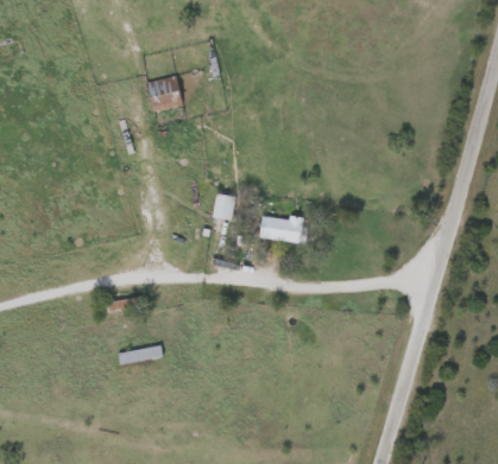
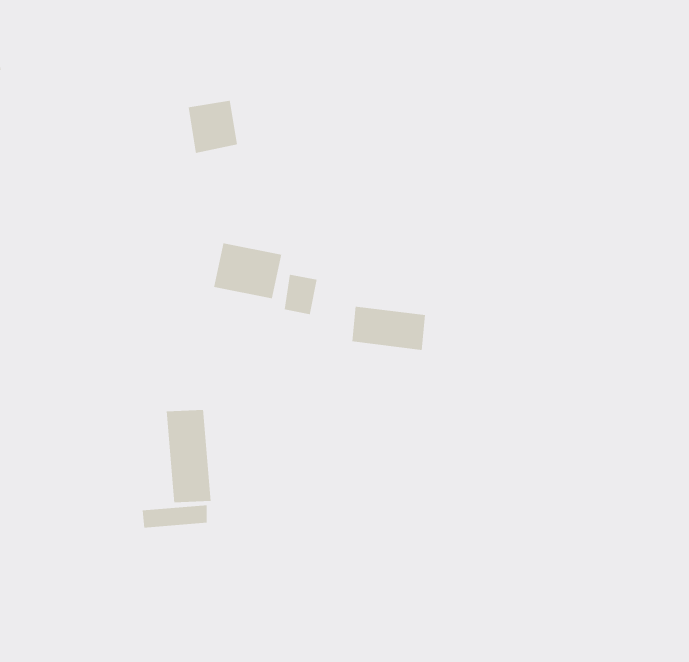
building: none -> [213,242,282,299]
building: none -> [166,409,211,503]

